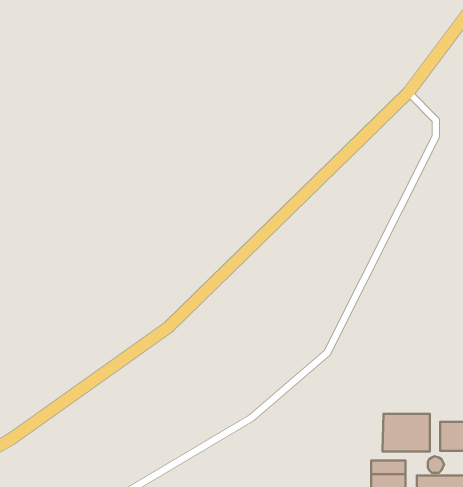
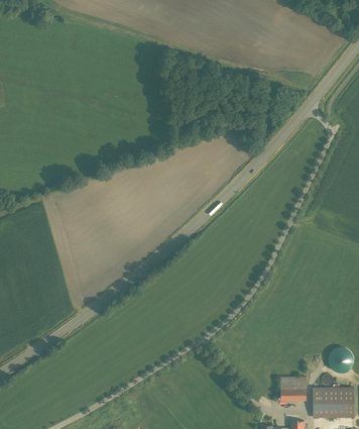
building: [382,414,430,452] -> none

